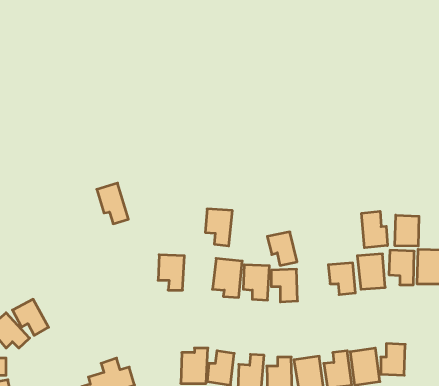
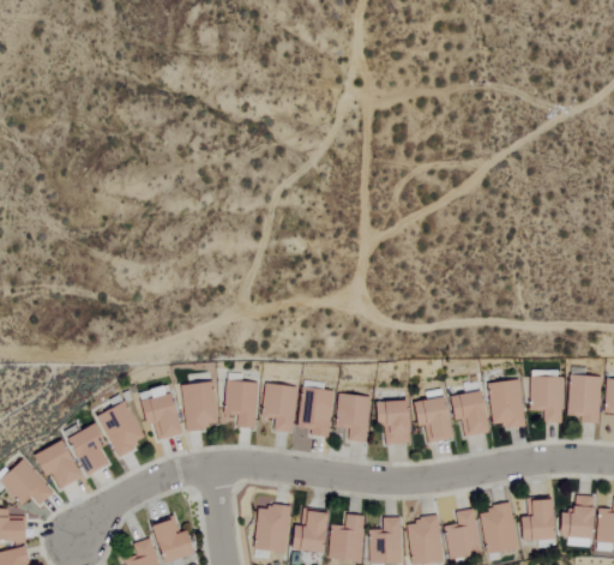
building: [97,183,128,224] -> [138,385,180,439]
building: [205,209,232,246] -> [264,384,300,433]
building: [362,211,387,248] -> none
building: [395,215,419,246] -> none
building: [267,232,297,265] -> [413,397,452,441]
building: none -> [183,381,219,429]
building: none -> [100,401,145,458]
building: none -> [65,423,106,475]
building: none -> [559,495,592,546]

